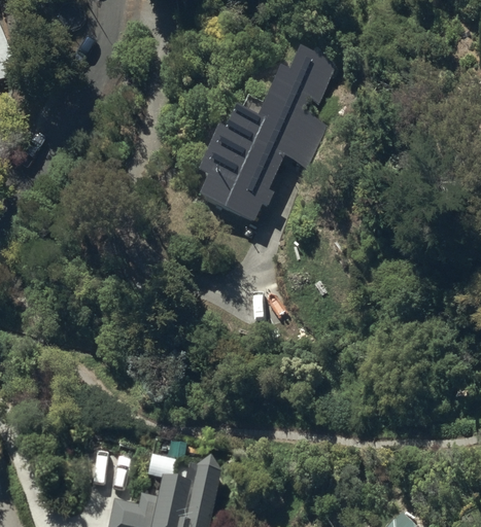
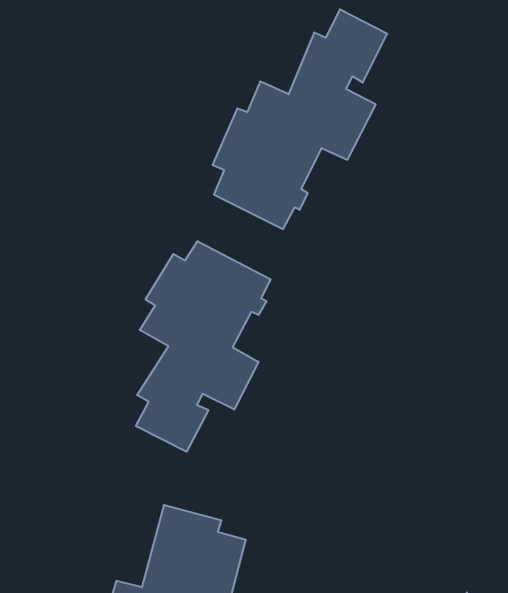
building: none -> [136,241,270,452]

